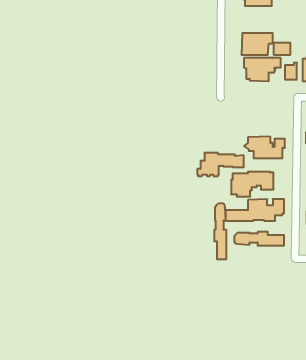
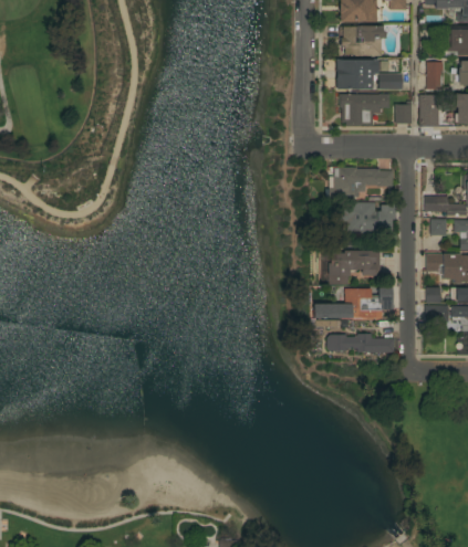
building: none -> [340,27,383,56]
building: [197,153,244,176] -> [329,167,393,199]
building: [214,203,226,259] -> none

